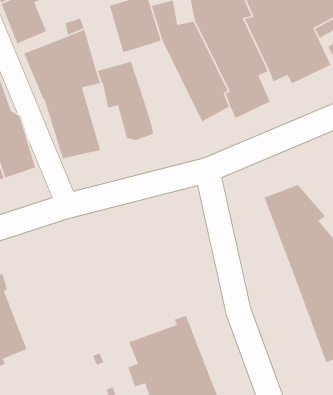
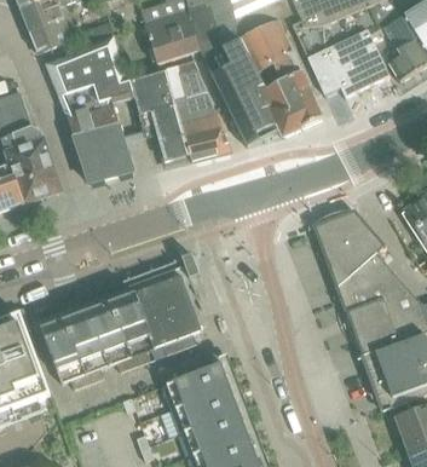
building: none -> [165,58,230,160]
building: none -> [35,253,202,387]

